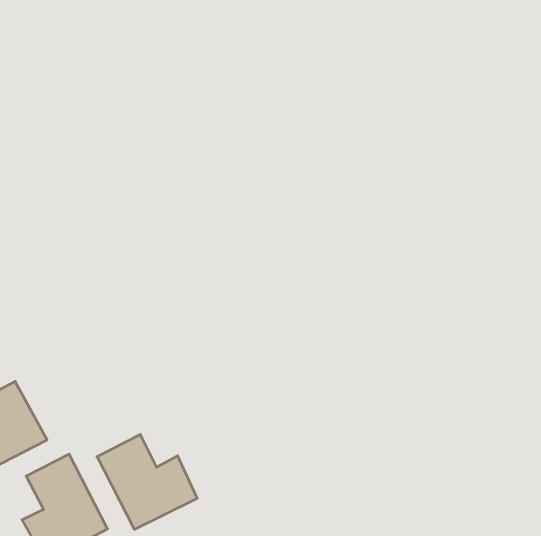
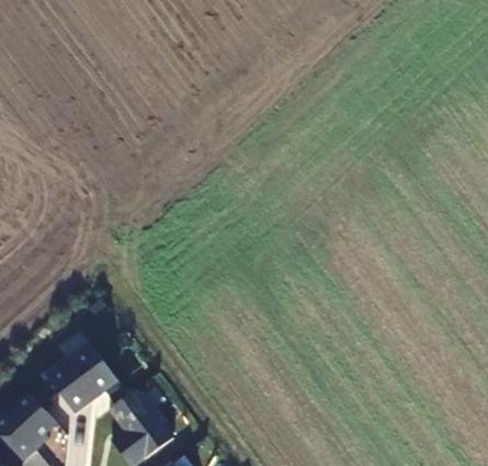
building: [97,434,197,529] -> none

